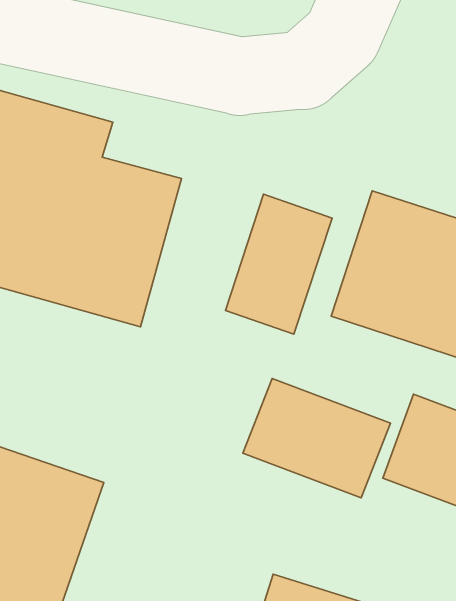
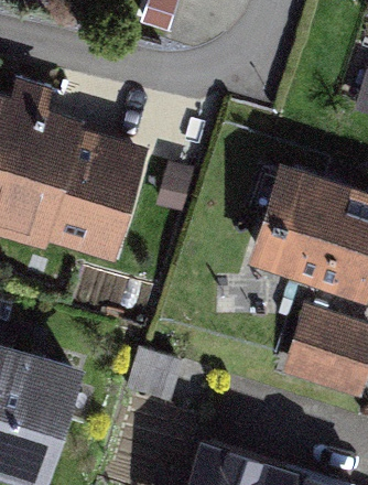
building: [225,194,332,334] -> none
building: [243,379,391,498] -> none

